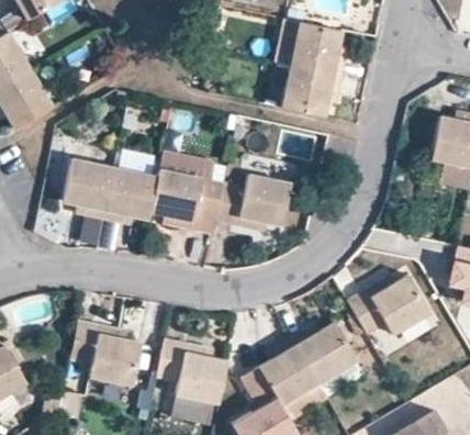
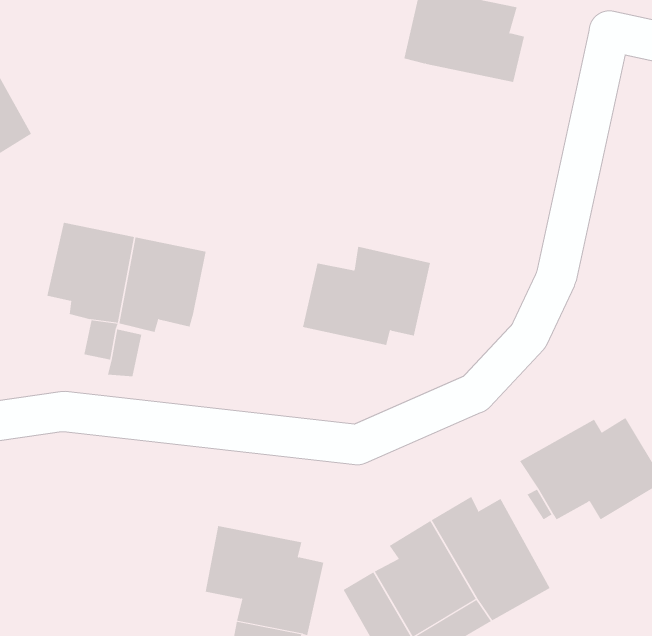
building: [280,63,342,115] -> none
building: [150,150,224,233] -> none
building: [71,323,143,389] -> none

